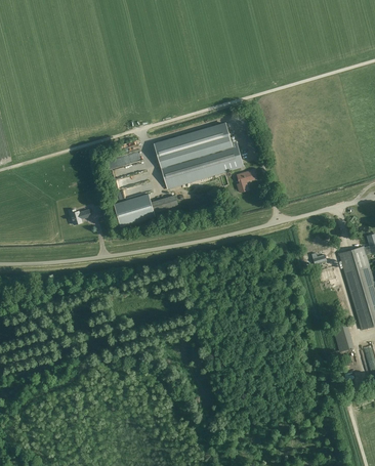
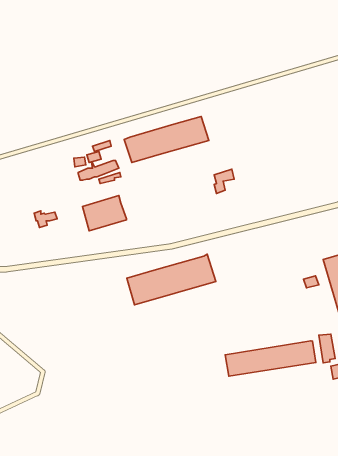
building: [160,141,243,188] -> [127,254,216,305]
building: none -> [225,341,316,376]

